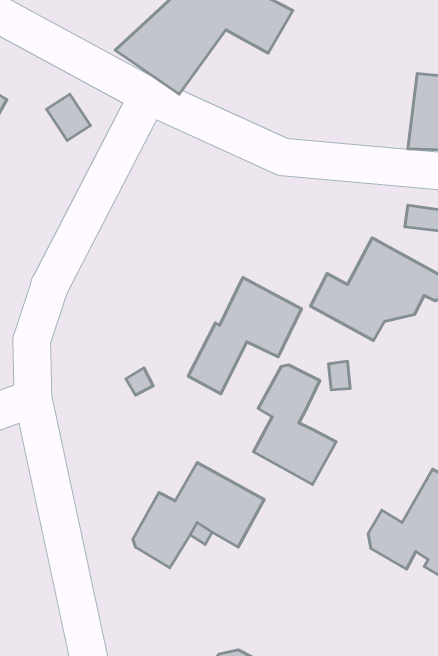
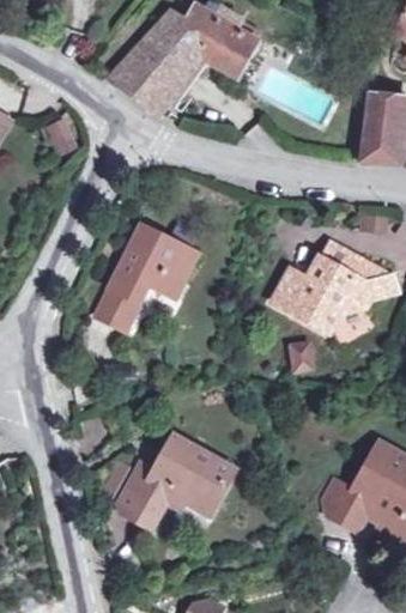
building: [188,277,302,394] -> [96,226,195,328]
building: [254,365,336,484] -> none

